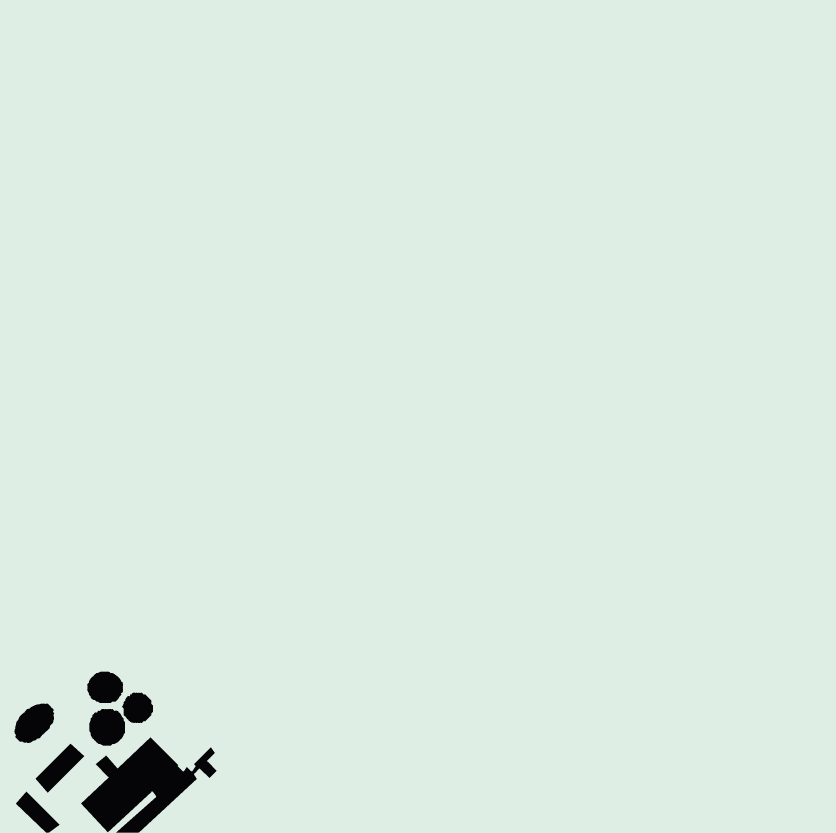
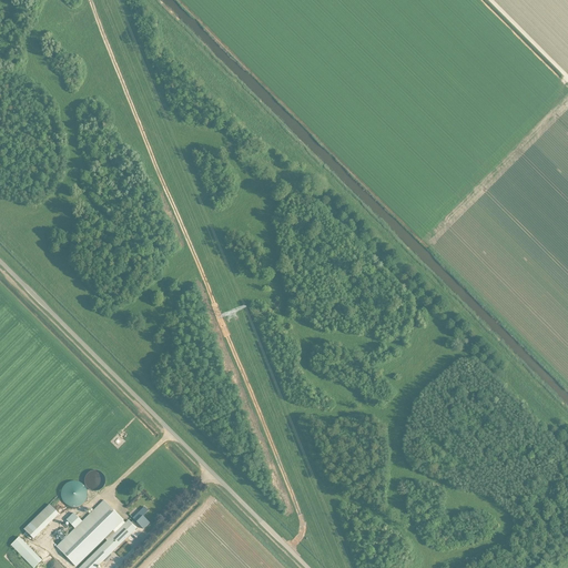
building: [87,671,123,704] -> none
building: [14,703,55,744] -> none

